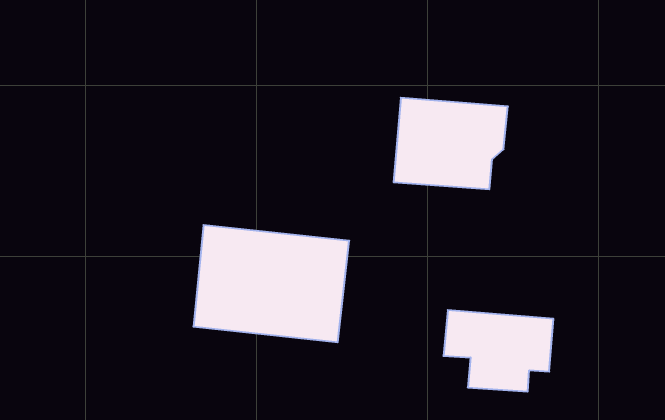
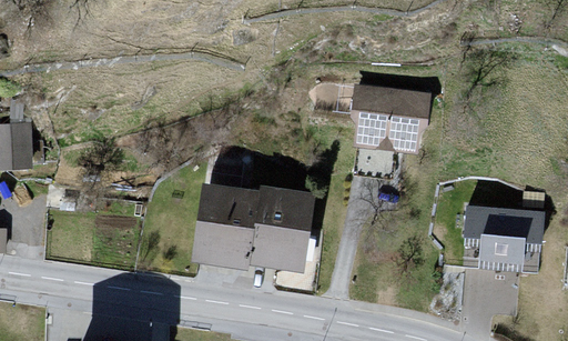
building: [443,310,553,392] -> [458,209,544,272]

